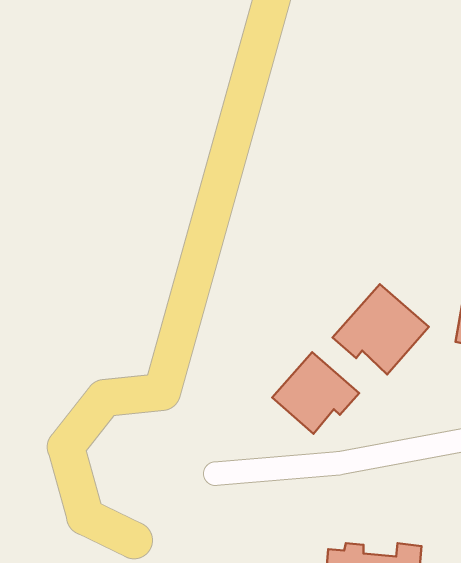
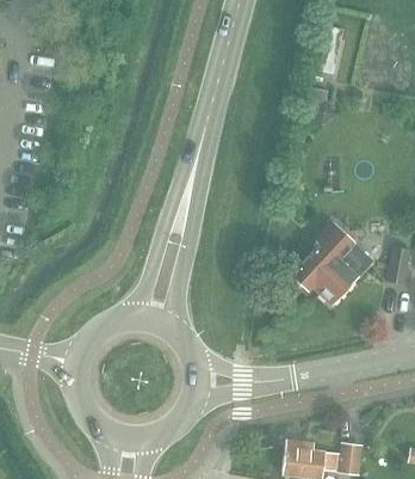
building: [272,352,359,434] -> none

